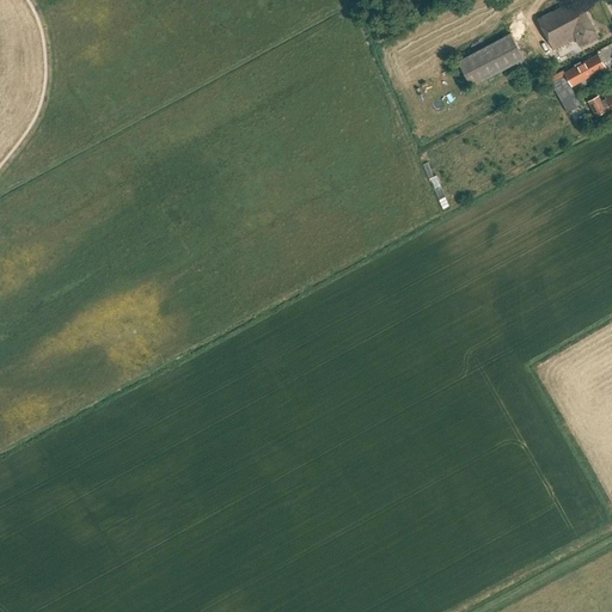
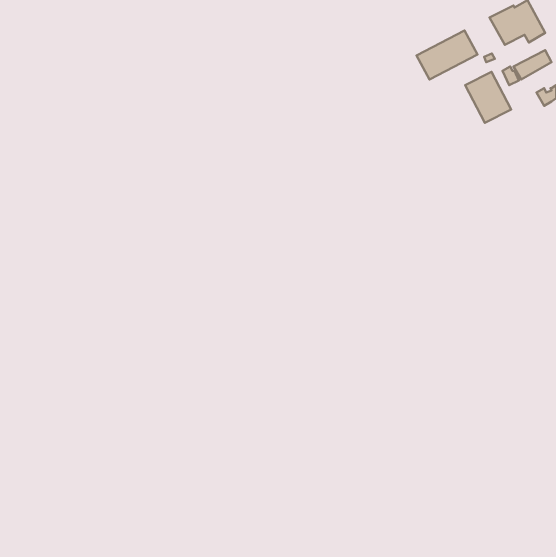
building: none -> [465,72,511,123]

